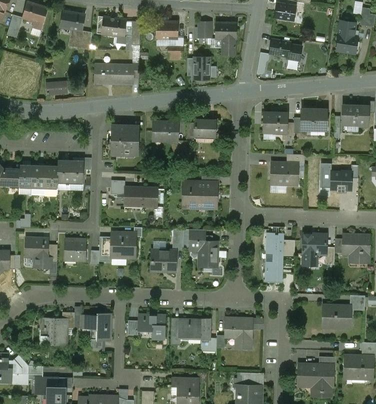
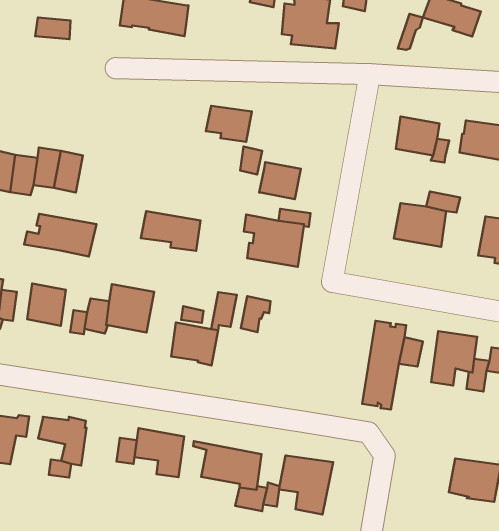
building: [194,119,216,138] -> [259,162,301,199]
building: [110,126,139,155] -> none
building: none -> [24,214,96,257]
building: [199,241,217,267] -> none

